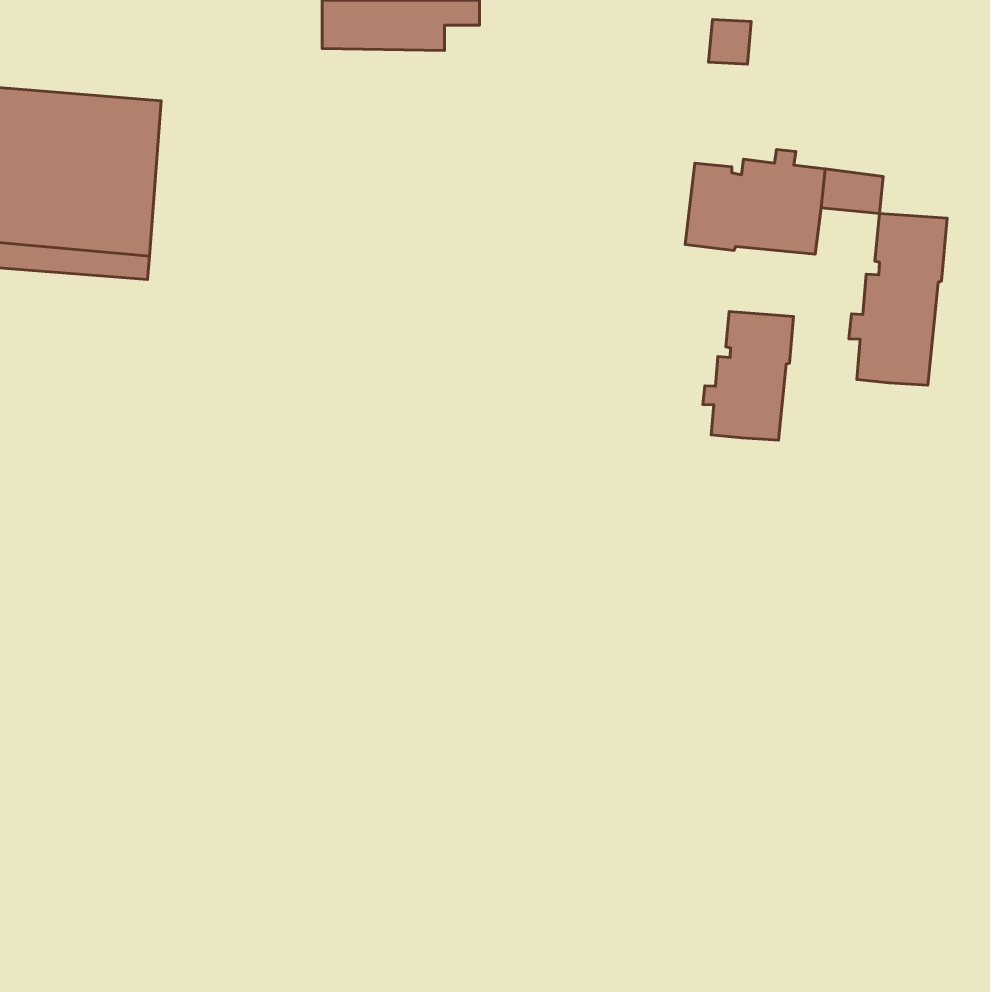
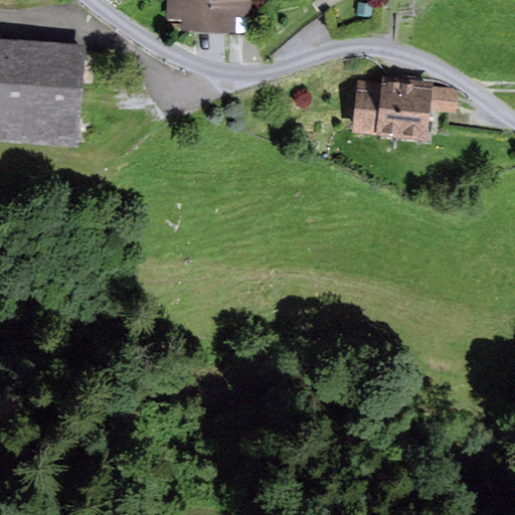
building: [849,214,947,385] -> none
building: [703,312,793,440] -> none

